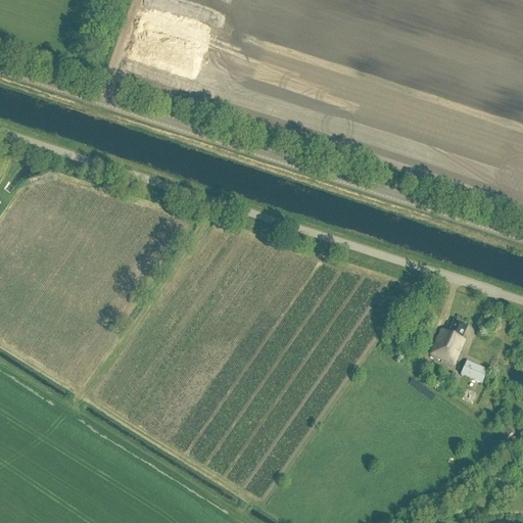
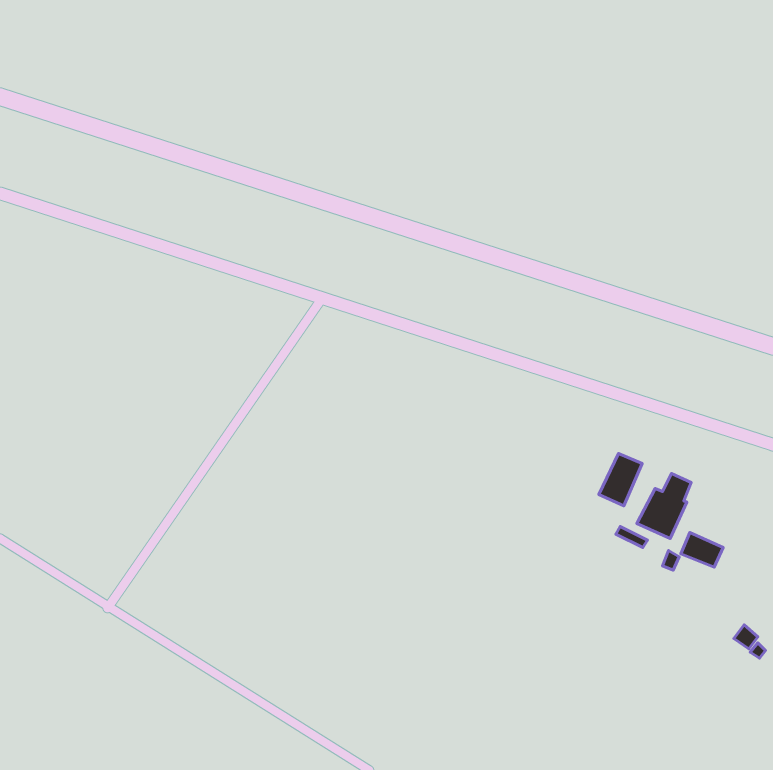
building: none -> [599,453,642,506]

